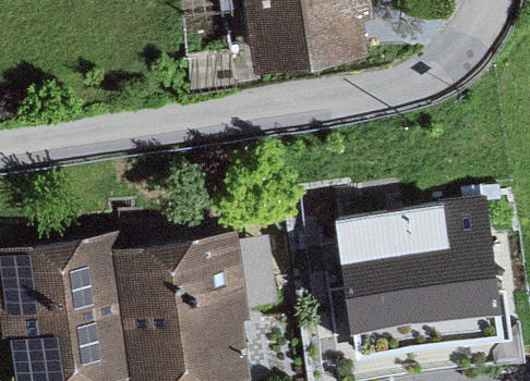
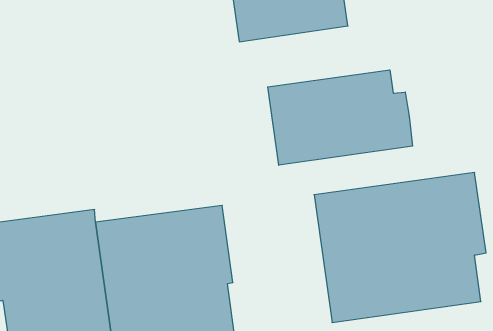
building: none -> [268,70,412,165]

